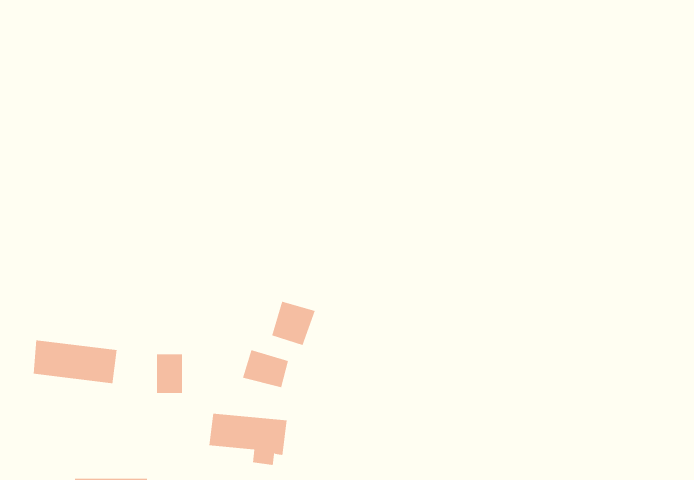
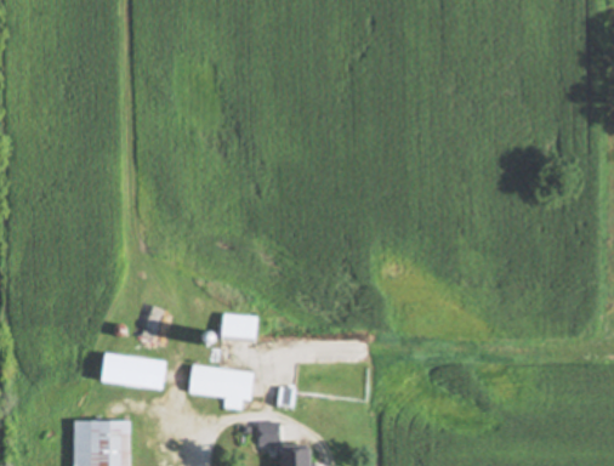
building: [272,301,315,346] -> none
building: [33,340,118,384] -> [96,352,169,390]

